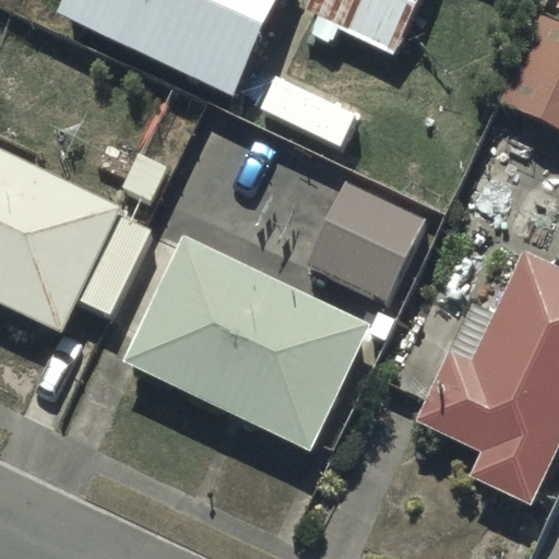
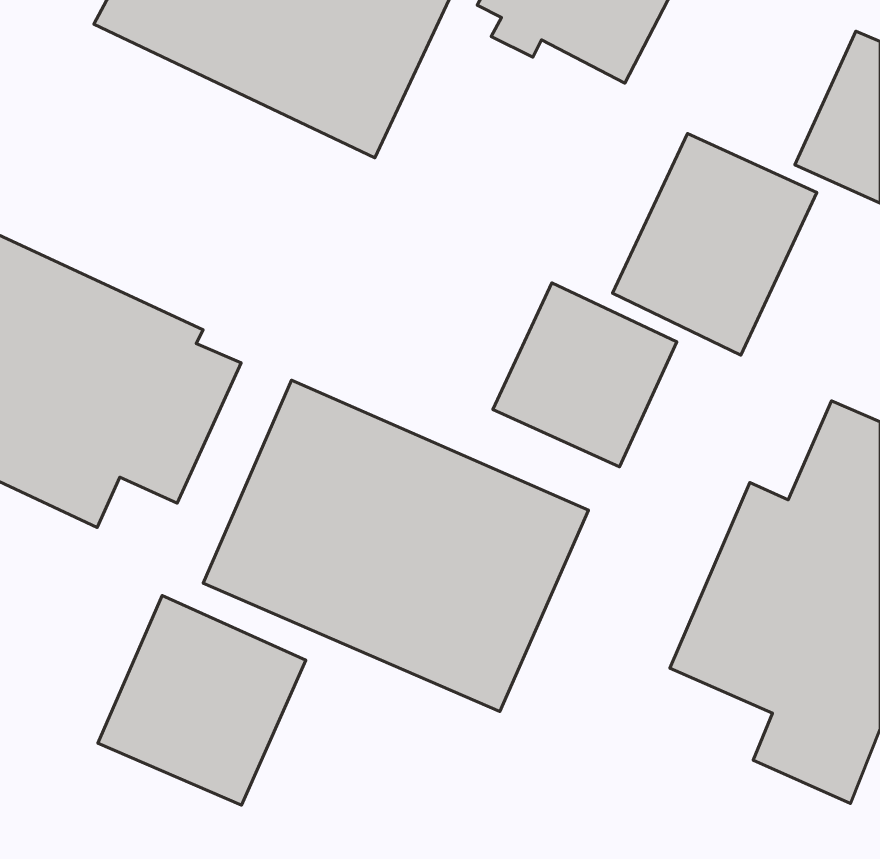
building: none -> [612,134,817,355]
building: none -> [98,596,306,805]

